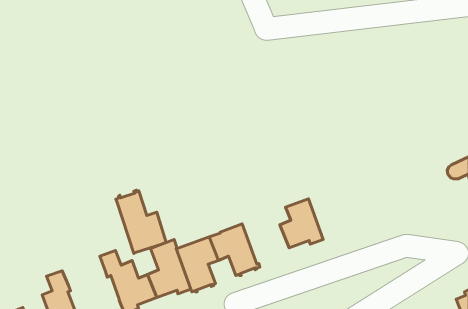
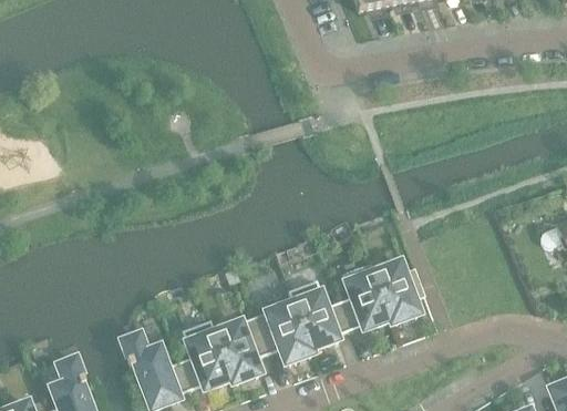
building: [116,190,166,253] -> none
building: none -> [373,258,421,320]
building: none -> [289,277,350,347]

